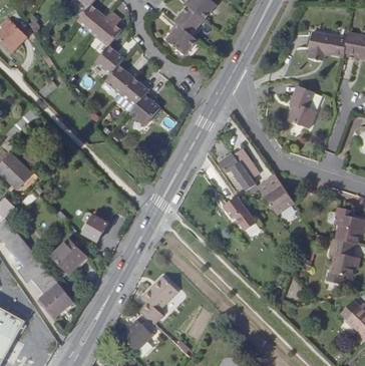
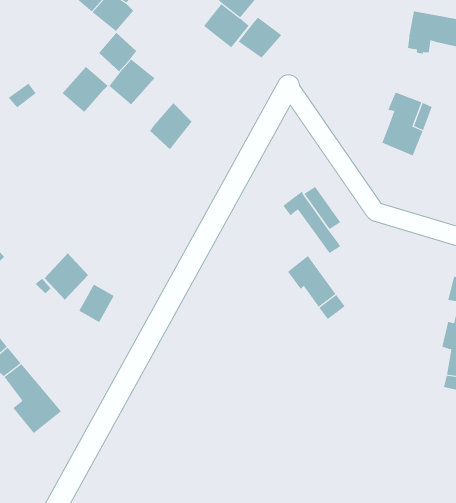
building: none -> [238,17,282,58]
building: [119,77,150,108] -> [62,66,109,113]
building: [258,175,295,215] -> none
building: [55,240,85,272] -> [44,253,89,301]
building: [142,278,178,322] -> none
building: [122,319,153,350] -> none

